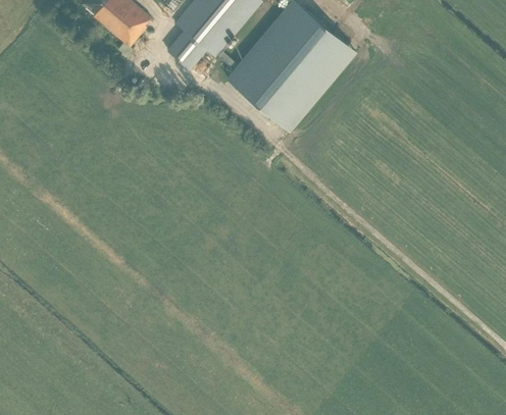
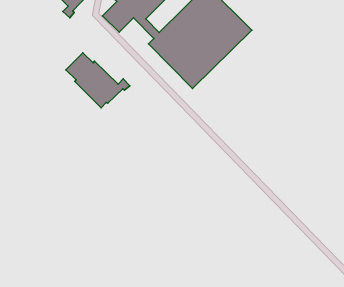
building: none -> [66,53,130,108]

